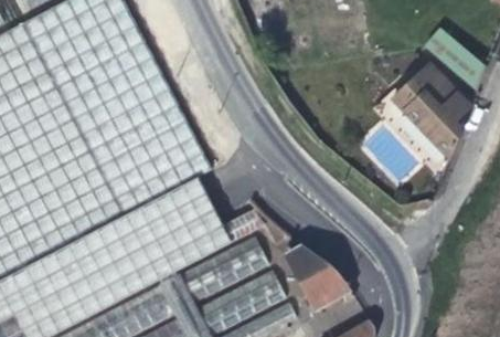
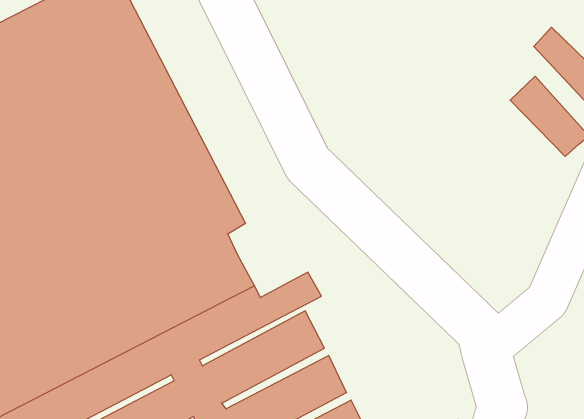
building: [390,78,457,155] -> none
building: [264,211,353,306] -> none

